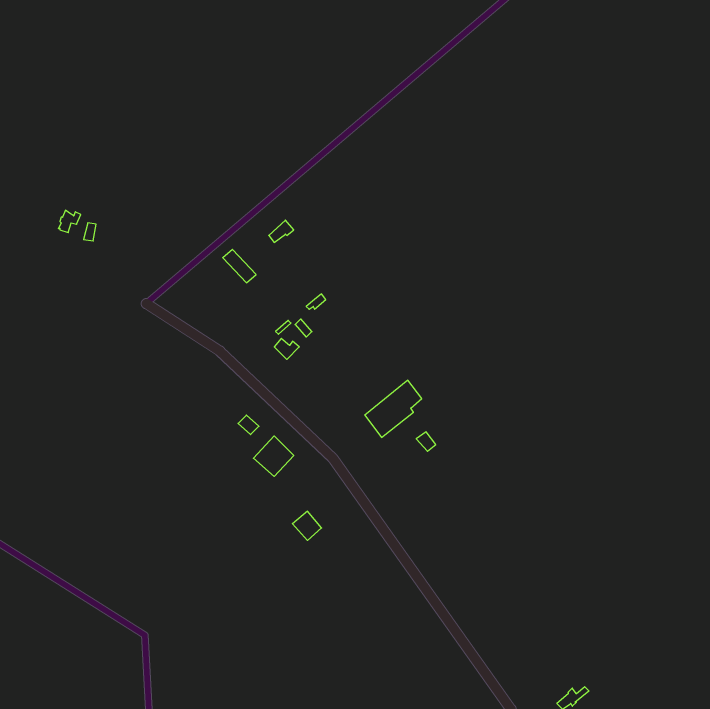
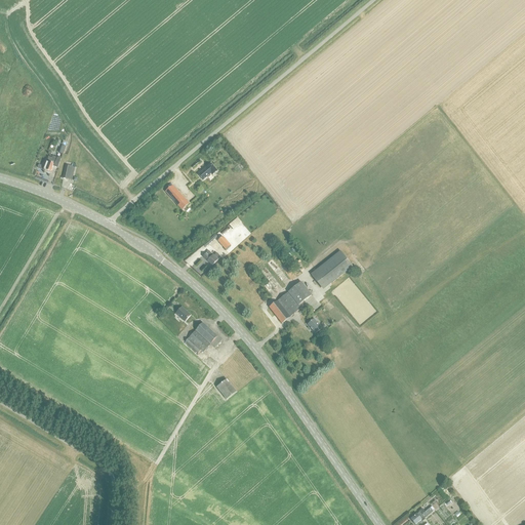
building: none -> [310,249,352,288]

